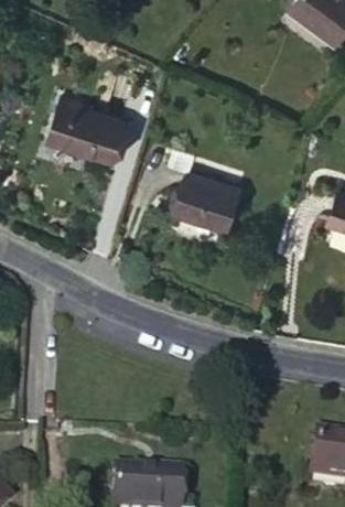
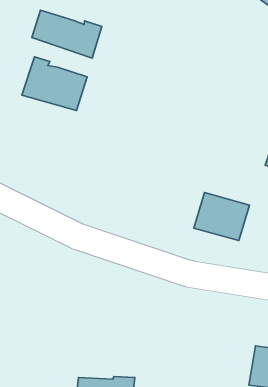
building: none -> [32,10,102,58]
building: [176,174,240,229] -> [194,193,249,241]

